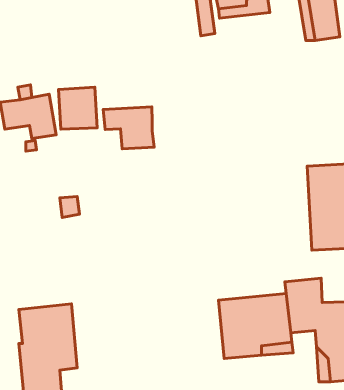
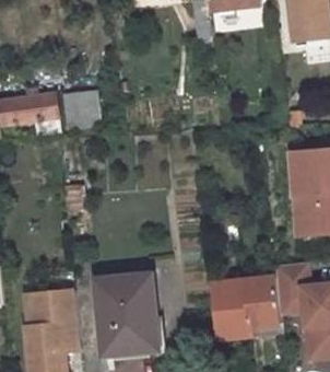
building: [103,107,154,149] -> none
building: none -> [96,274,161,353]

